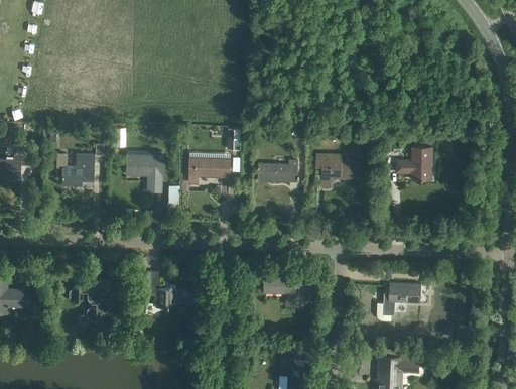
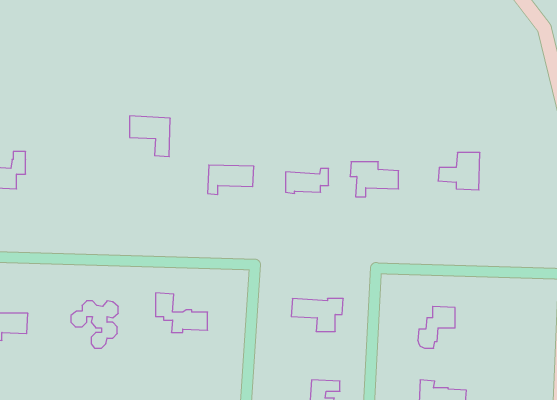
building: [57,154,94,186] -> none
building: [126,156,162,192] -> [130,116,170,157]

